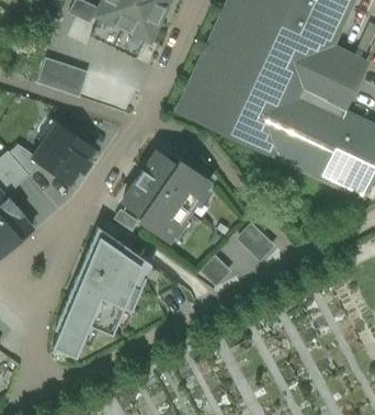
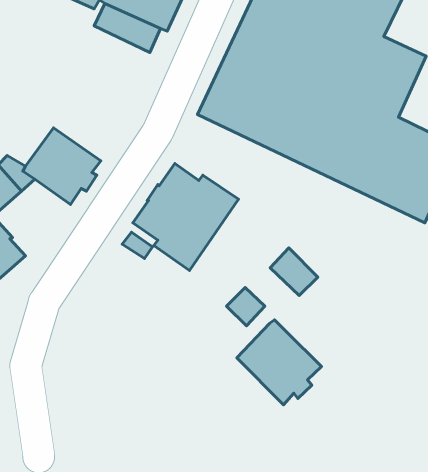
building: [36,57,88,98] -> none
building: [52,227,146,357] -> none
building: none -> [237,320,322,405]

